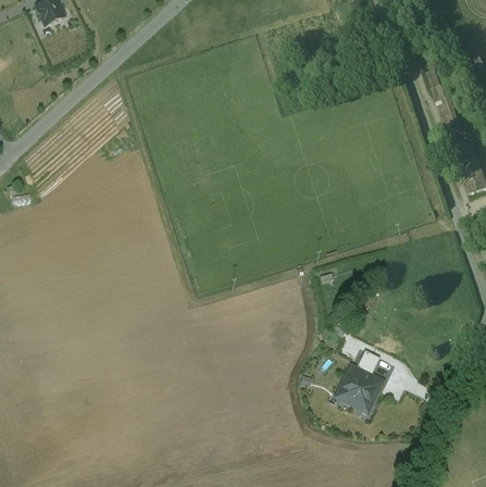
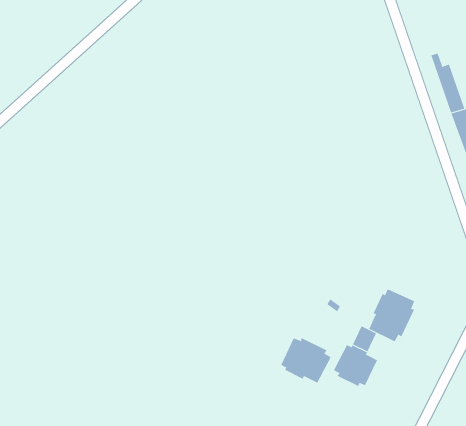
building: none -> [368,289,415,342]
building: none -> [280,337,331,384]

